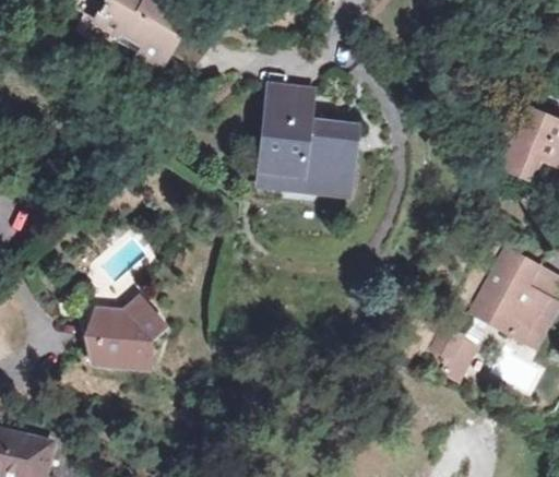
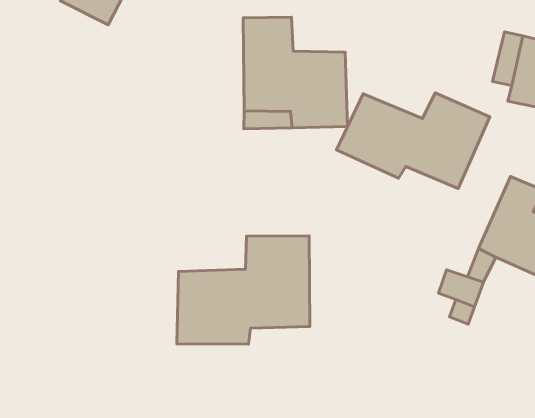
building: none -> [336,93,490,189]
building: none -> [177,236,310,344]
building: [55,293,159,365] -> none

